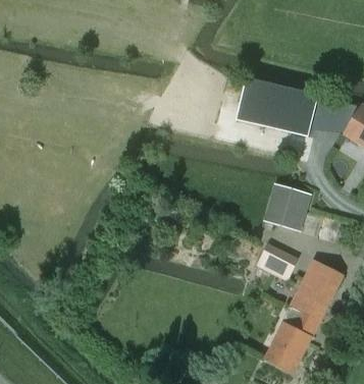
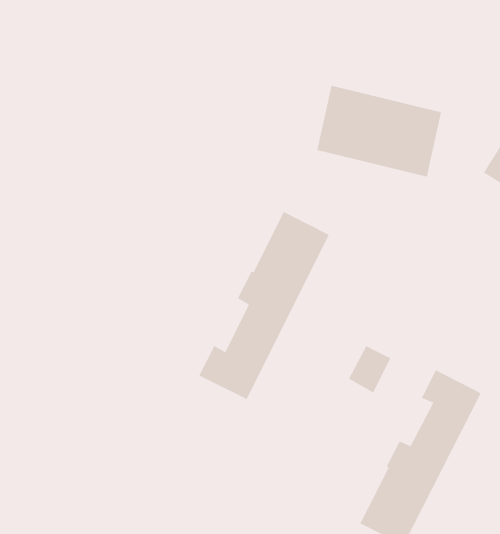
building: none -> [199,211,329,400]
building: [264,184,310,230] -> none

